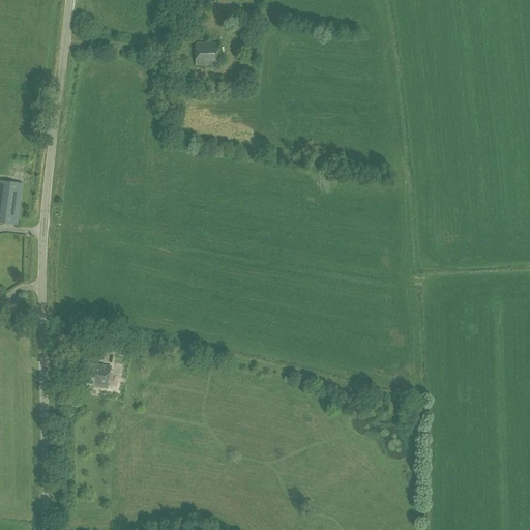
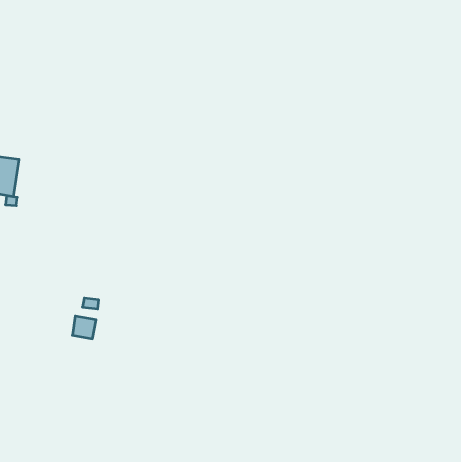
building: [194,41,218,64] -> none

